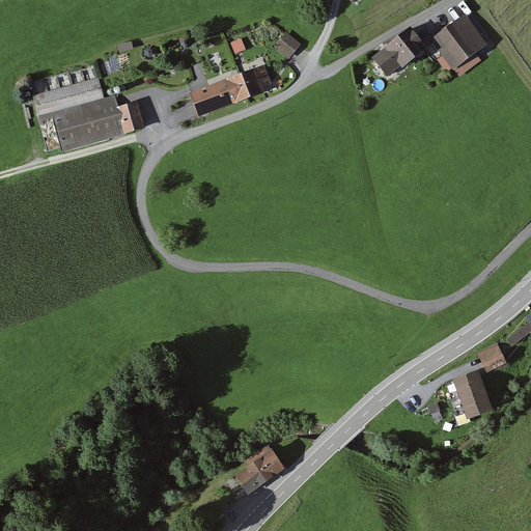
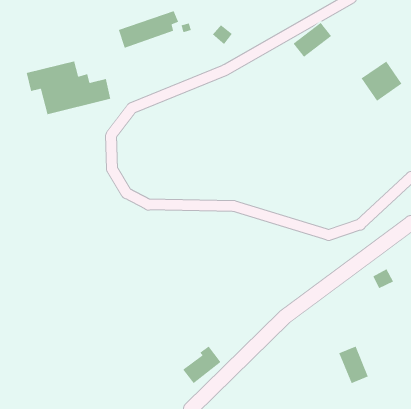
building: [432,13,486,66] -> [361,61,403,102]
building: [191,65,270,115] -> [118,10,179,49]
building: [453,369,493,419] -> [338,346,369,384]

